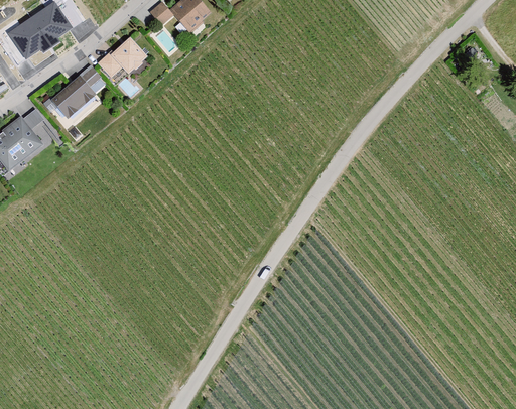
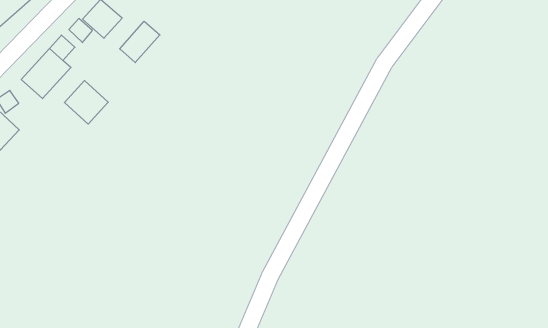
building: none -> [120,21,160,63]
building: none -> [64,81,108,124]

